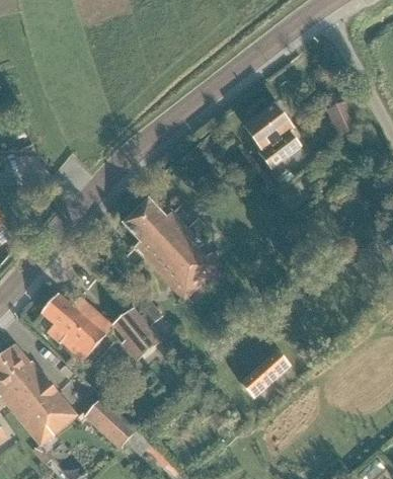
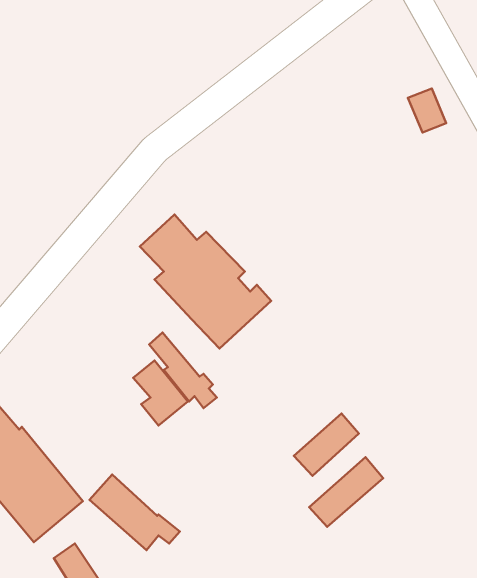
building: [243,103,300,168] -> none
building: [41,293,112,361] -> none
building: none -> [309,457,383,527]

